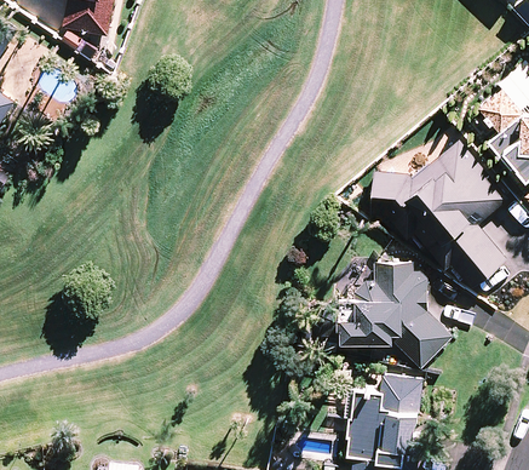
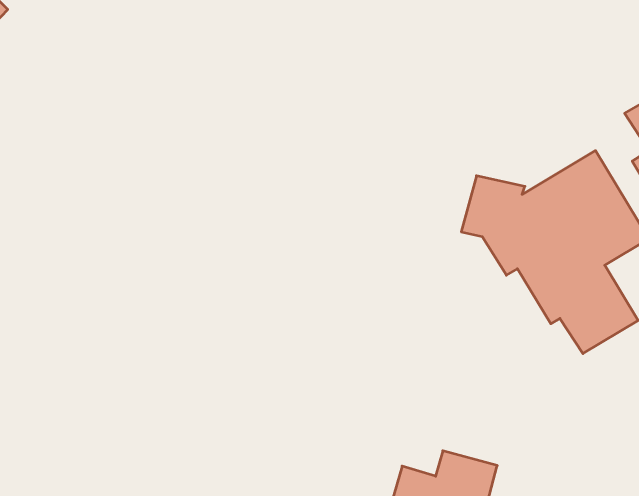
building: [320,260,453,367] -> none

